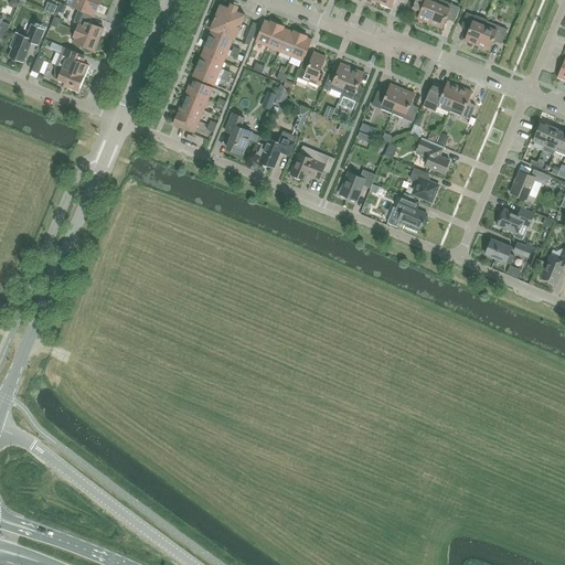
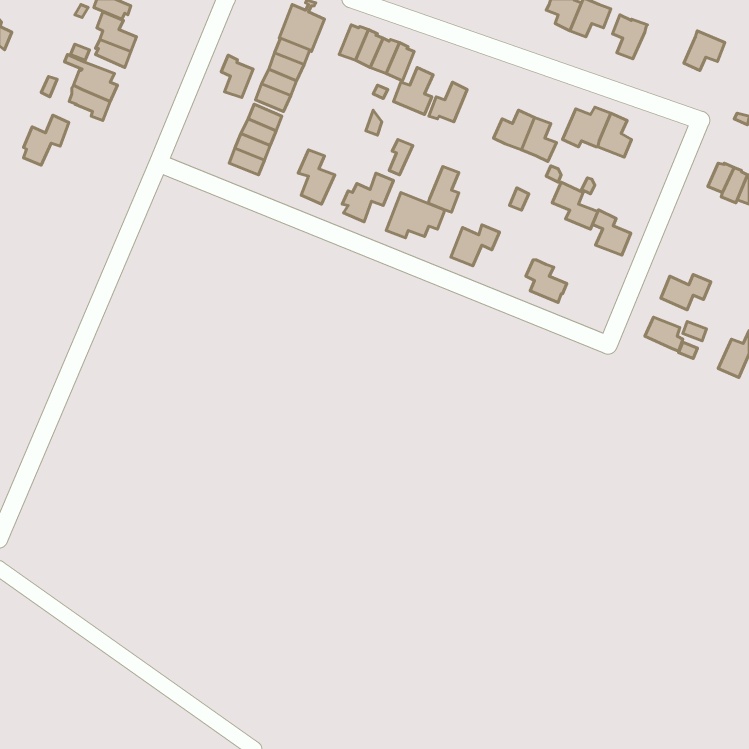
building: [476,20,507,50] -> [684,31,725,70]
building: [9,23,43,61] -> [23,115,69,165]
building: none -> [221,55,253,98]
building: [340,67,363,102] -> [428,167,459,212]
building: [409,167,438,201] -> [593,210,631,255]
building: [510,168,550,199] -> none

